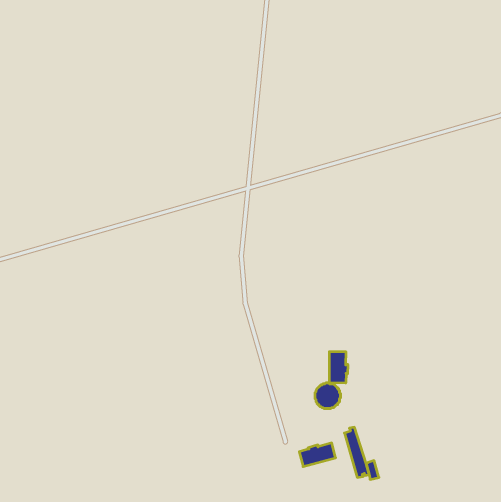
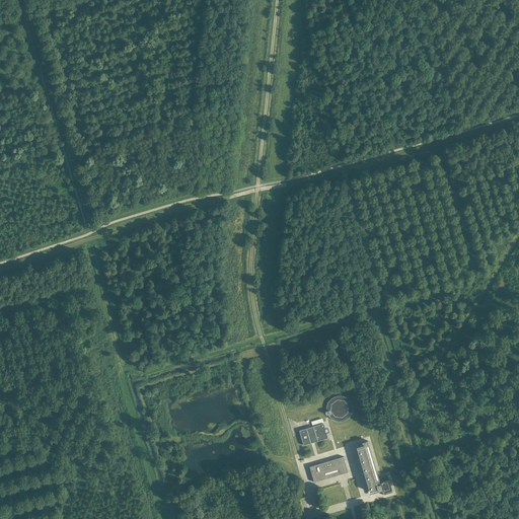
building: [329,352,348,383] -> none
building: none -> [297,423,326,444]

